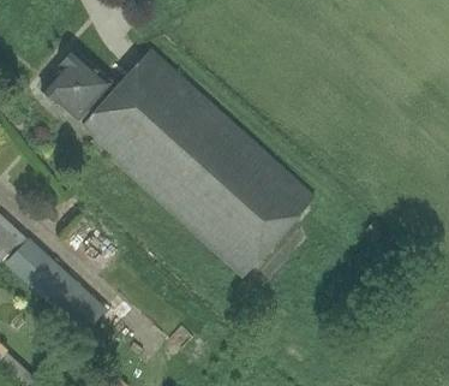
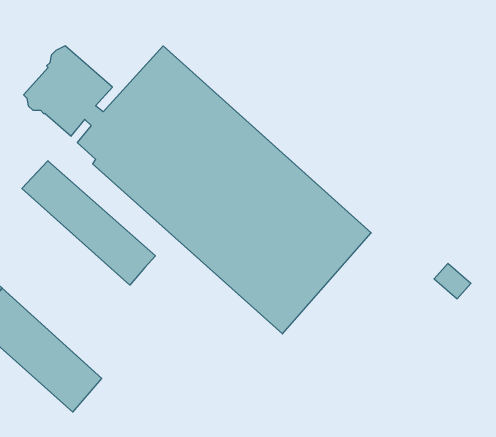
building: none -> [22,161,155,285]

